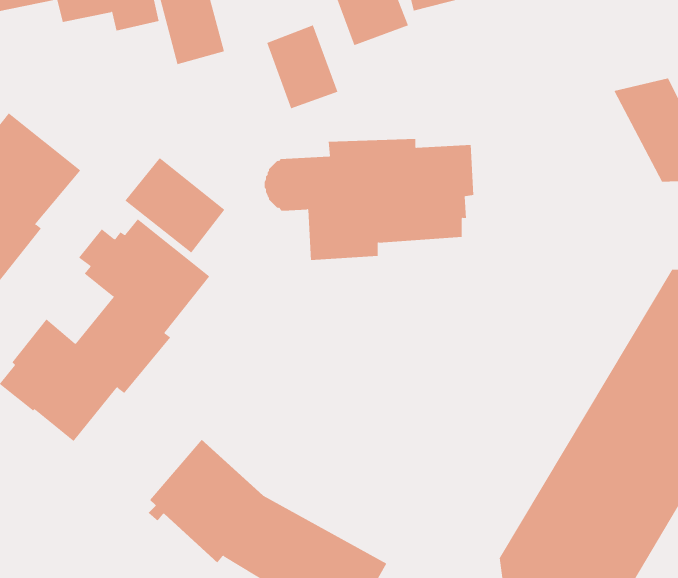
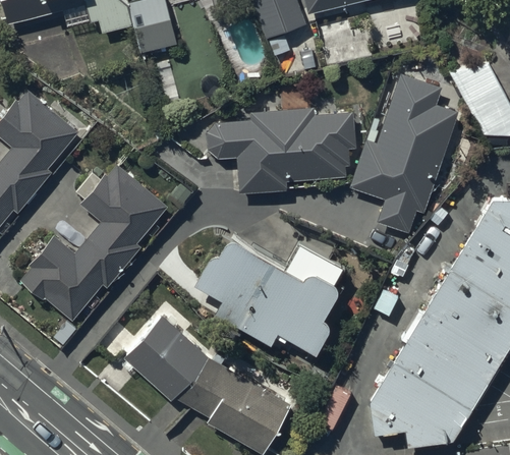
building: [267,25,338,109] -> none
building: none -> [350,73,456,230]
building: [124,157,225,254] -> none
building: none -> [197,242,342,357]

